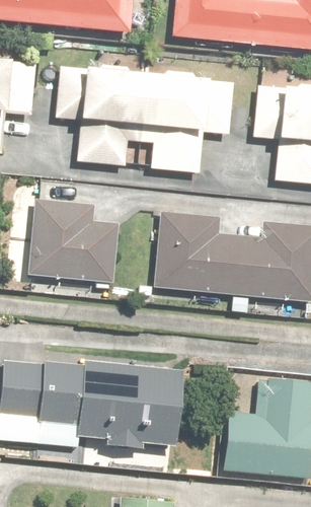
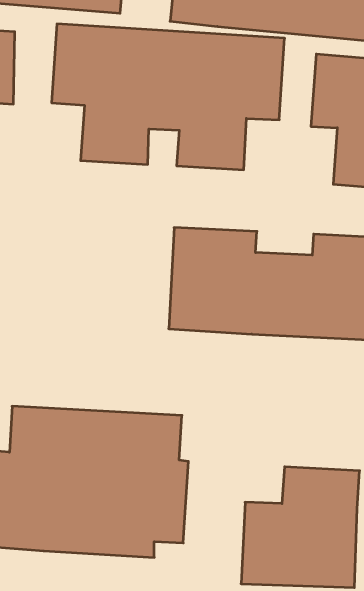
building: [30,196,122,280] -> none

